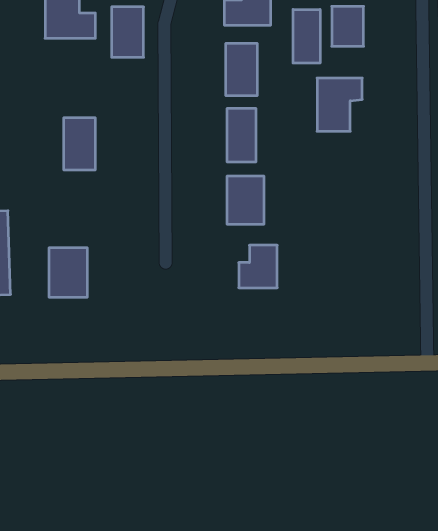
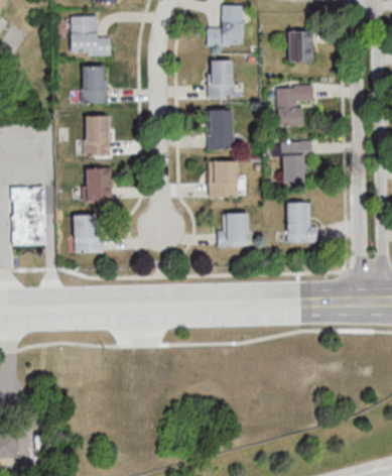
building: [112,7,144,57] -> [83,66,107,104]
building: [293,9,320,63] -> none
building: none -> [272,142,311,182]
building: none -> [86,168,112,201]
building: none -> [287,202,314,242]

